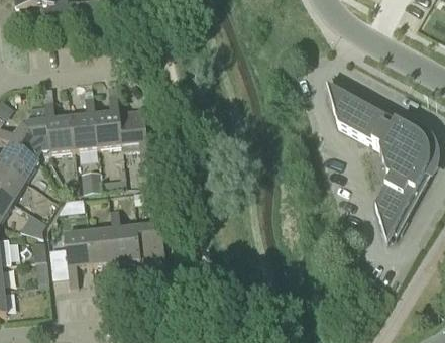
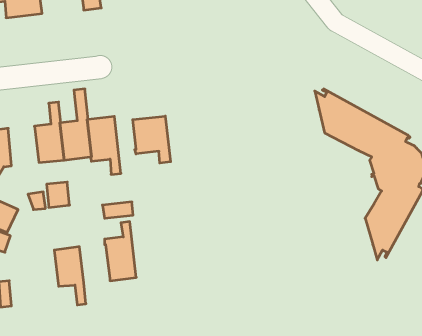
building: [42,100,74,153] -> none
building: none -> [133,116,171,163]
building: [108,209,139,261] -> none
building: [49,231,92,285] -> none

